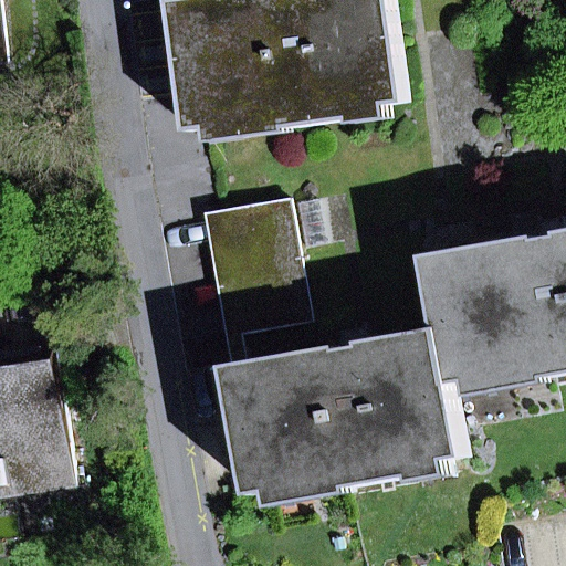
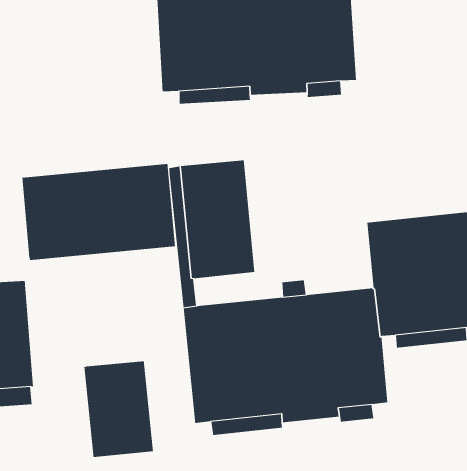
building: none -> [22,163,176,261]
building: none -> [84,360,154,458]

